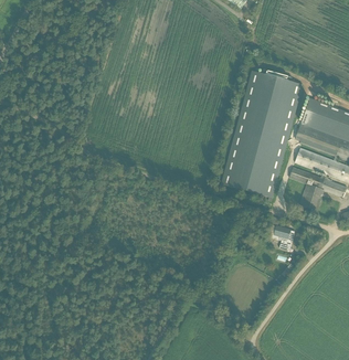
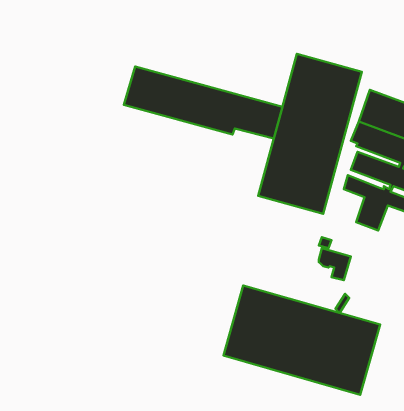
building: none -> [124,67,283,139]
building: none -> [223,286,380,395]

